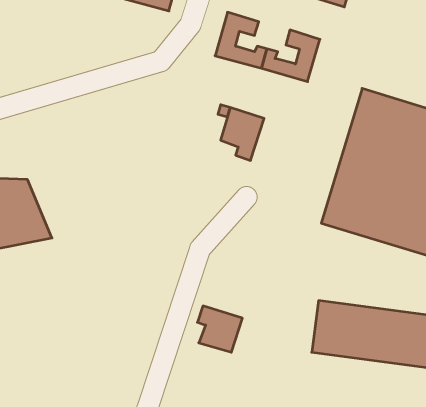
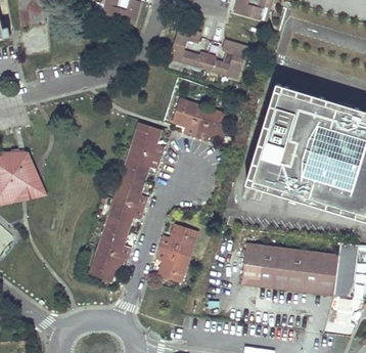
building: none -> [195,105,231,141]
building: none -> [88,122,165,281]
building: none -> [159,224,197,256]

